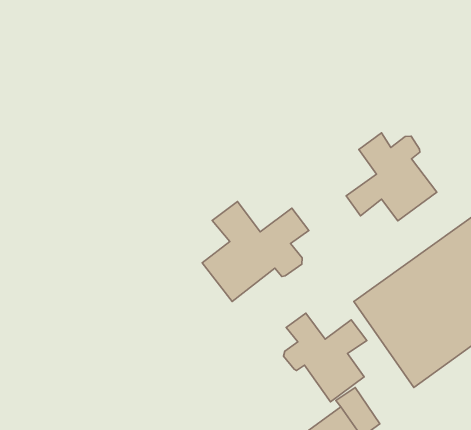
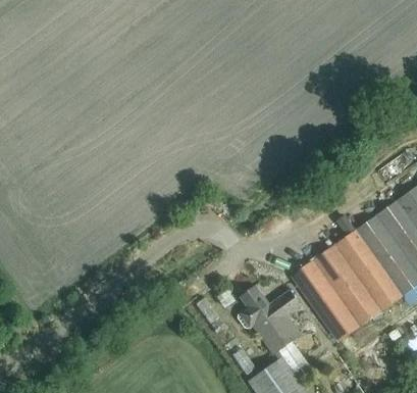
building: [346,133,437,221] -> none
building: [202,201,309,302] -> none

